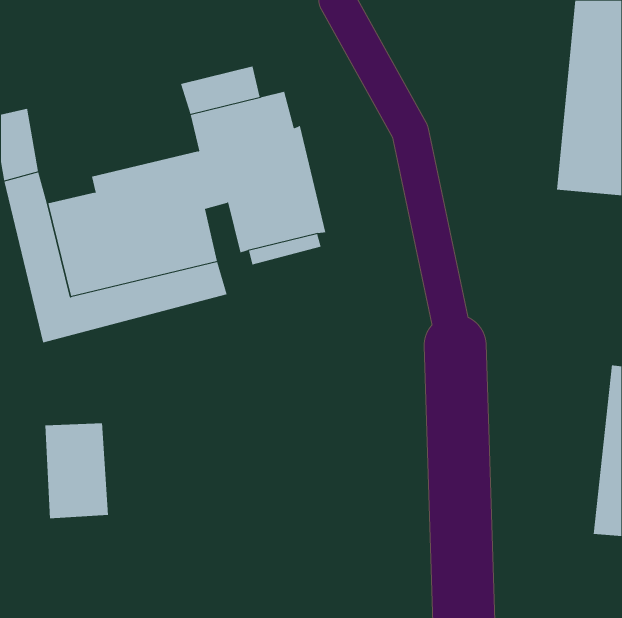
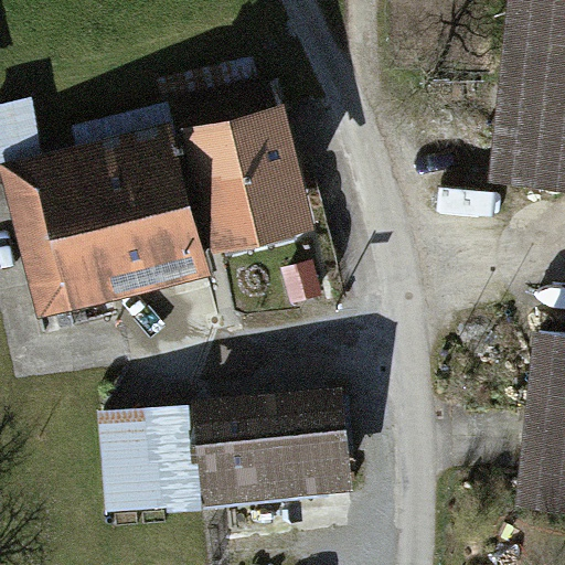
building: [44,423,109,519] -> [106,423,164,510]
building: none -> [203,397,342,487]

